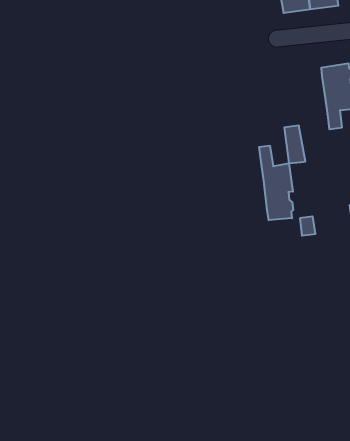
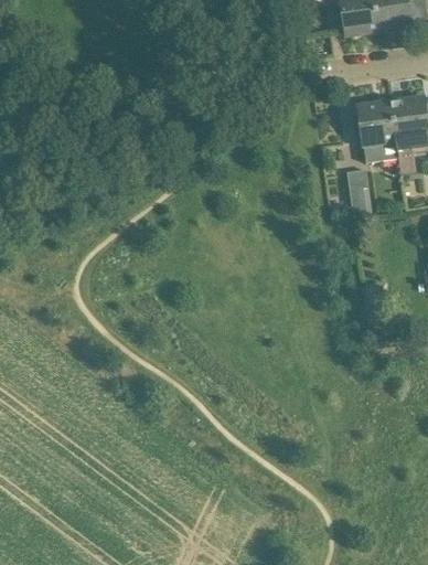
building: none -> [359,100,399,161]
building: [259,146,293,220] -> none

